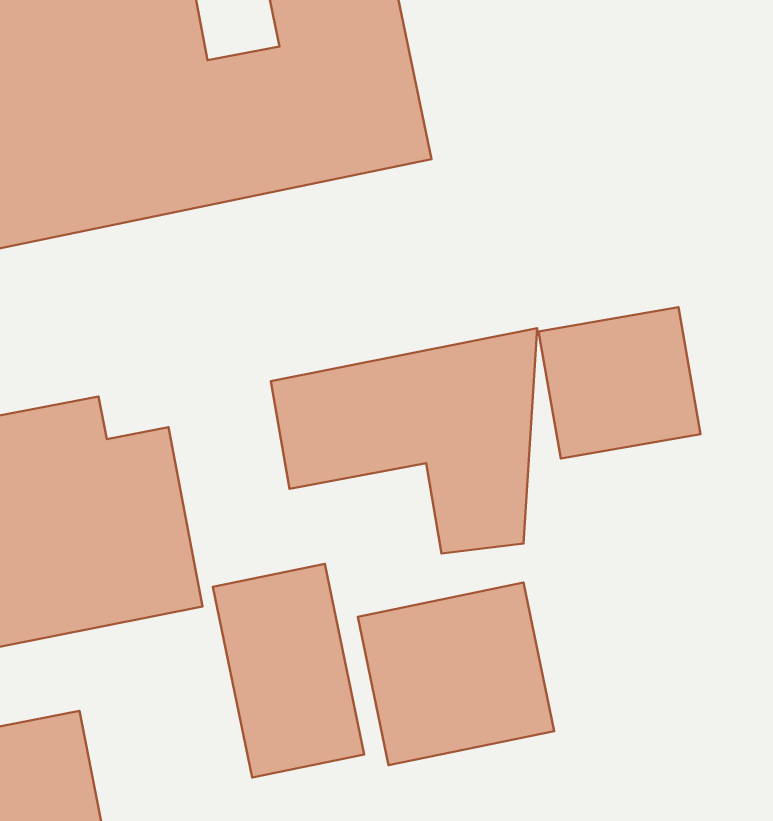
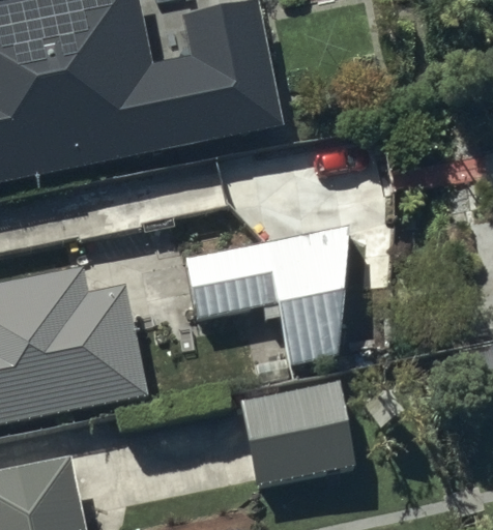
building: [539,307,701,459] -> none
building: [213,564,364,778] -> none

